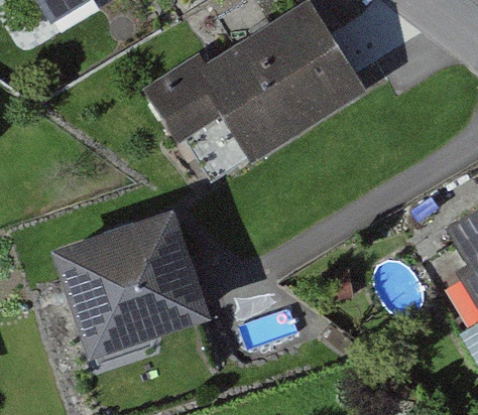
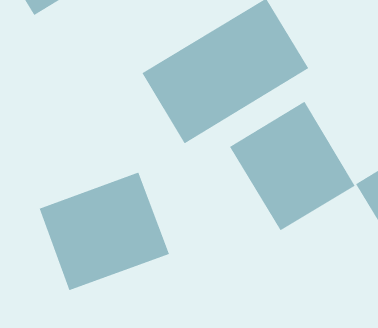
building: none -> [229,101,355,231]

